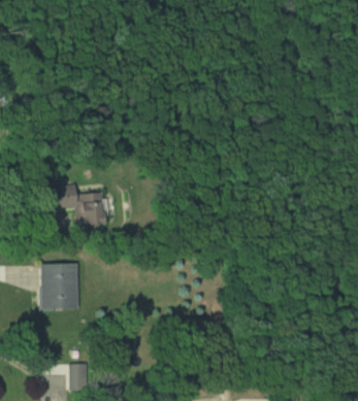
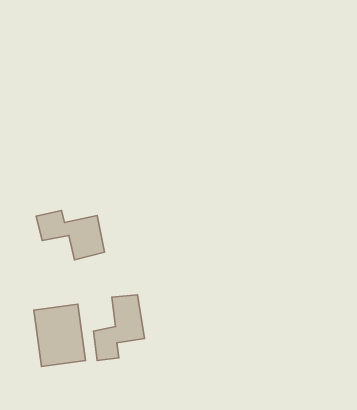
building: none -> [93,295,144,361]

